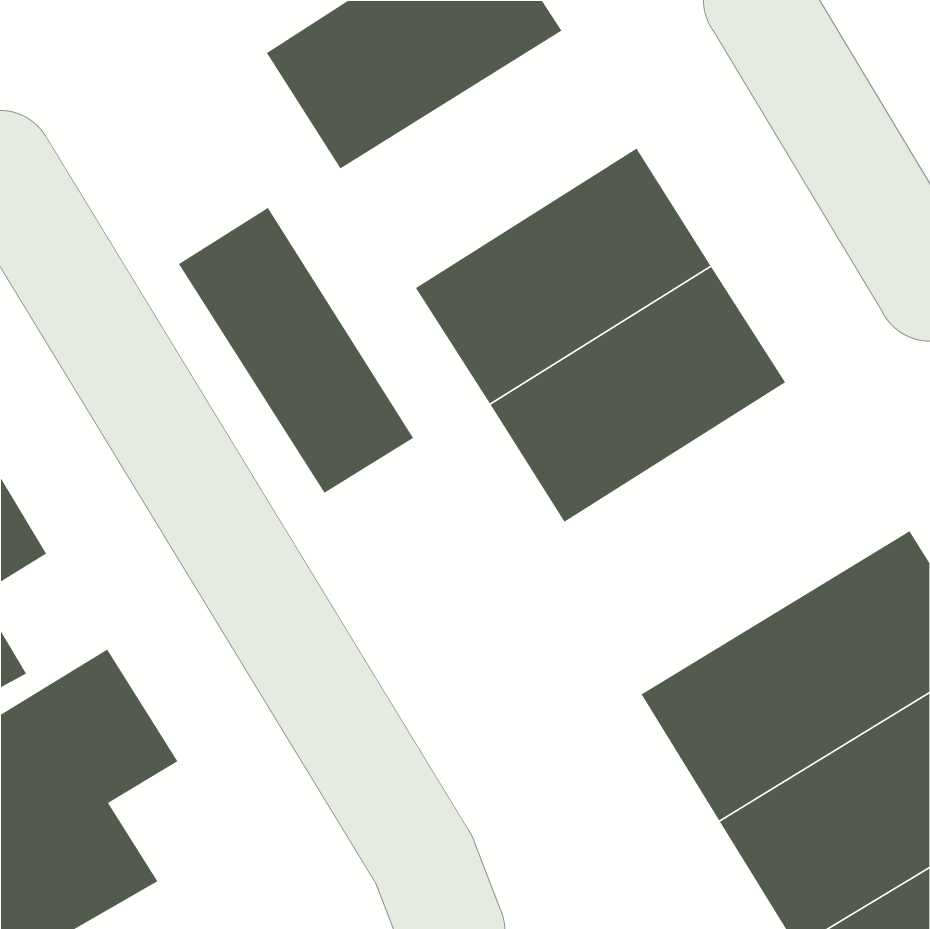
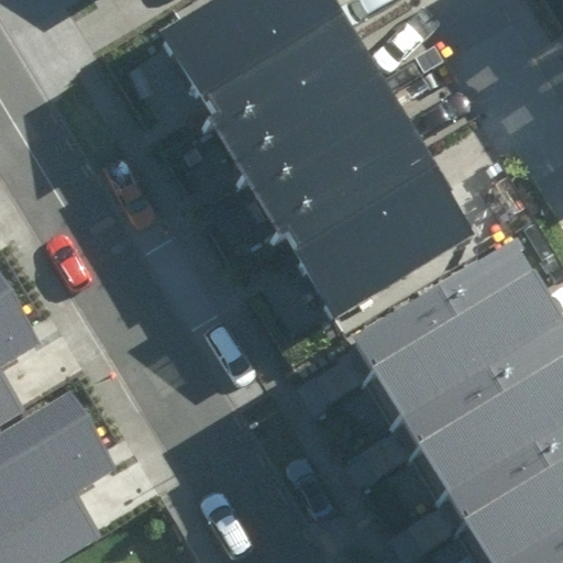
building: none -> [206,20,385,175]
building: [178,207,414,494] -> none
building: none -> [340,243,550,420]

